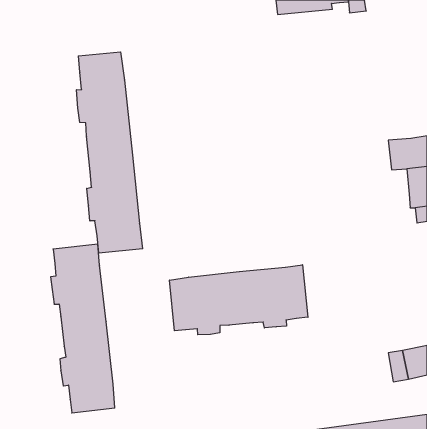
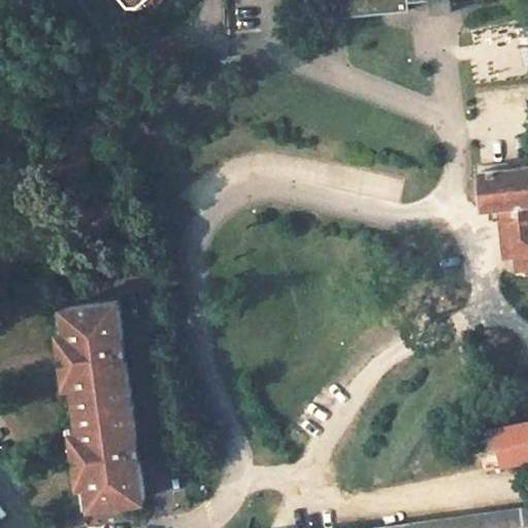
building: [77,52,143,253] -> none
building: [170,265,308,335] -> none

